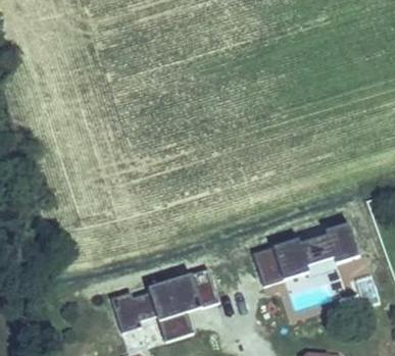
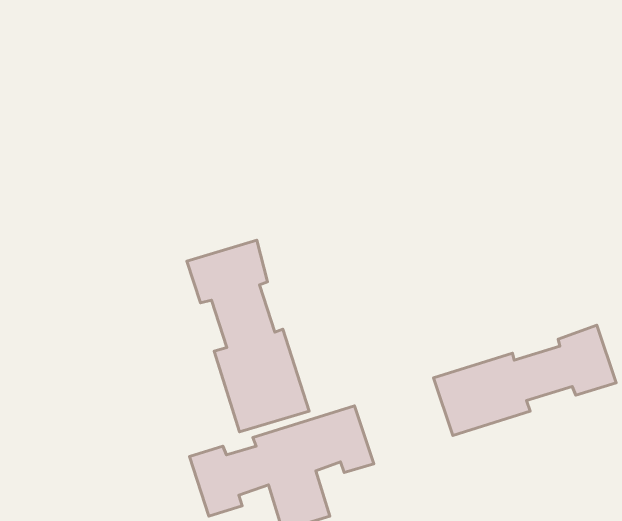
building: none -> [187,240,309,432]

